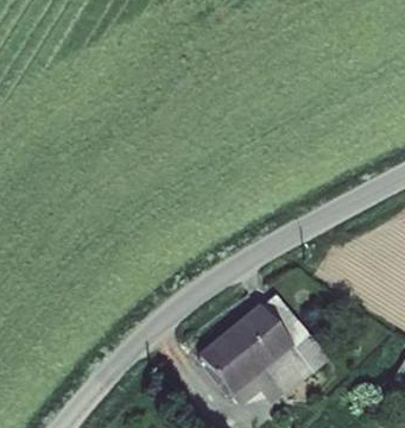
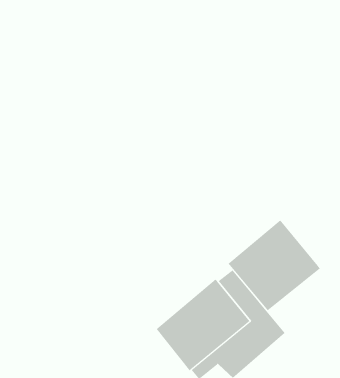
building: none -> [228,220,321,311]

